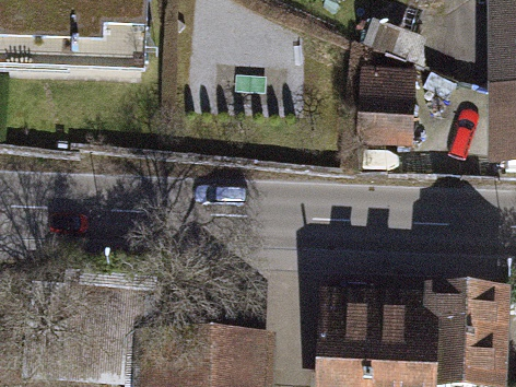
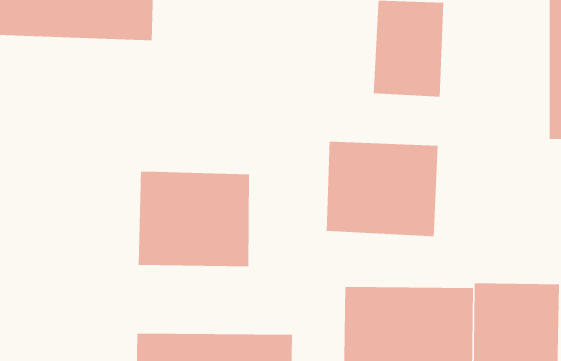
building: none -> [326,141,438,237]
building: none -> [138,171,250,267]

